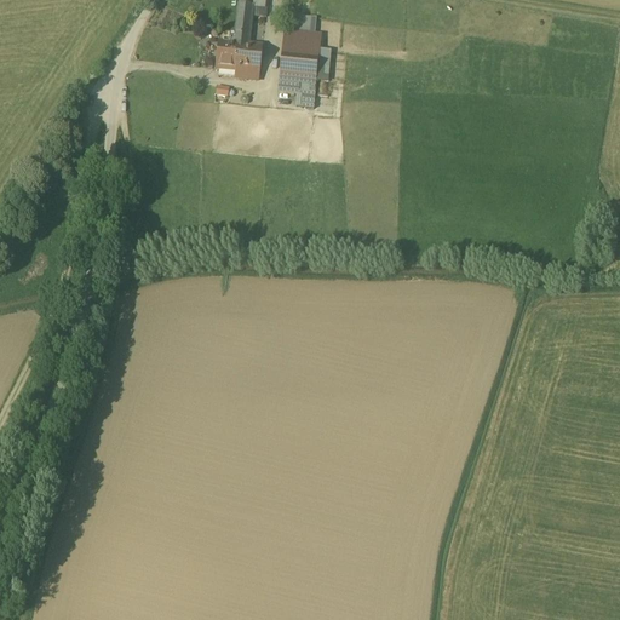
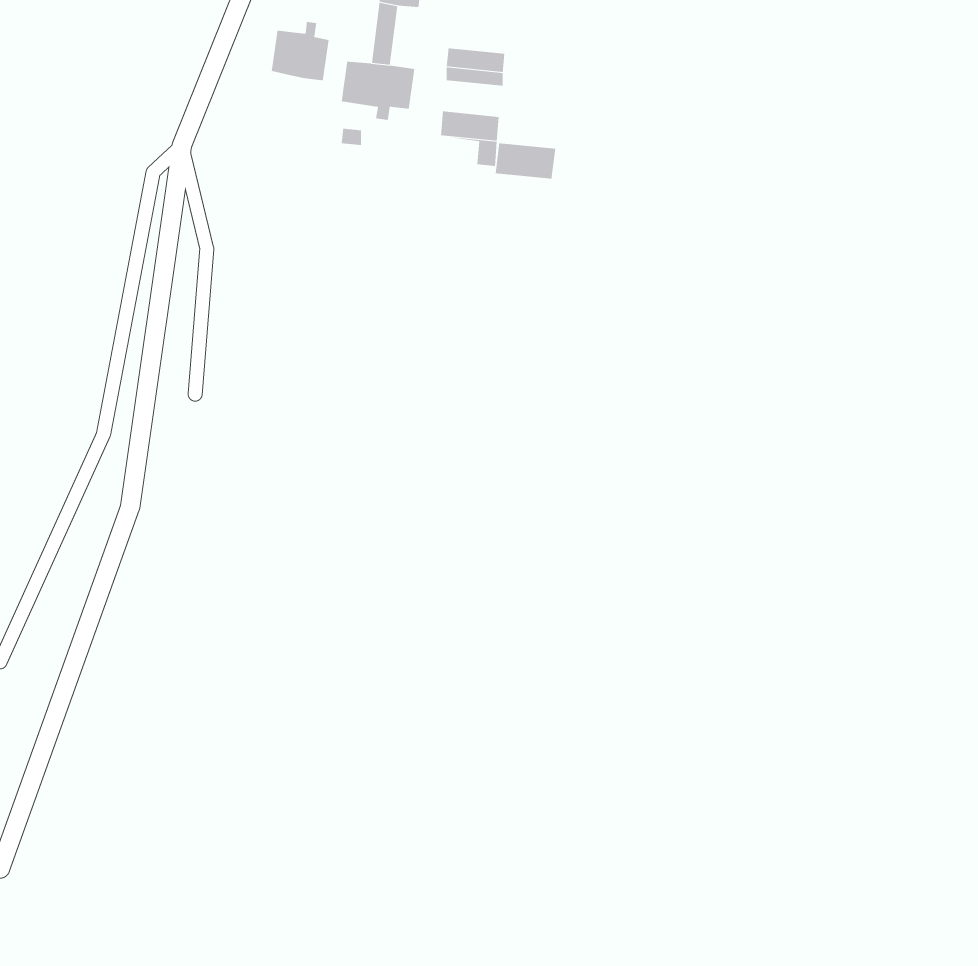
building: none -> [271,21,329,81]
building: [280,51,318,74] -> [495,143,556,179]

